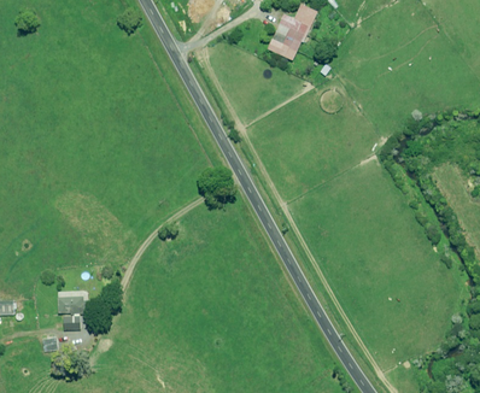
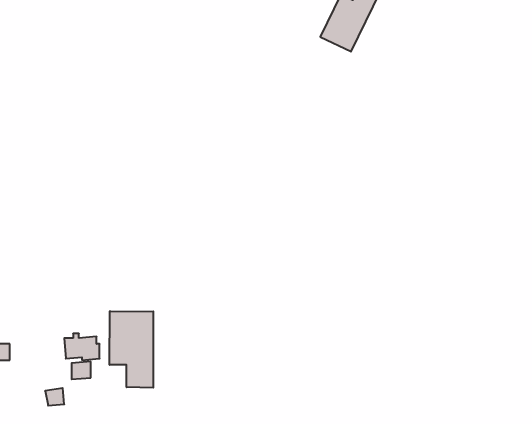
building: none -> [110,311,153,388]

